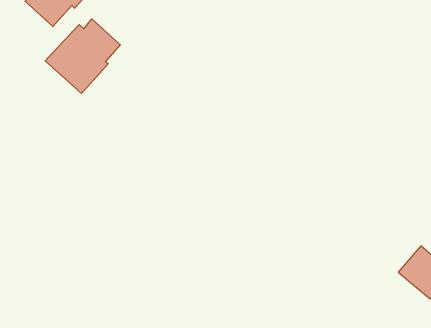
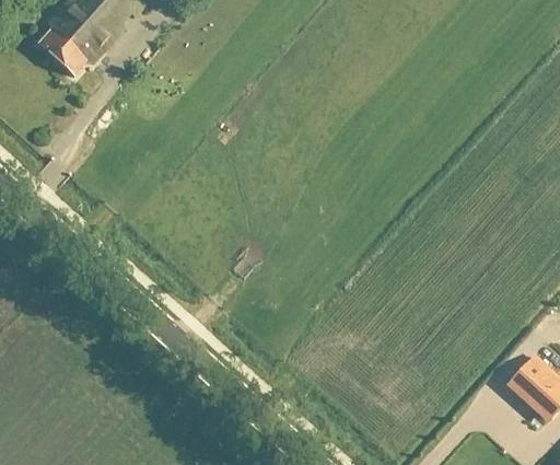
building: [45,19,120,93] -> none

